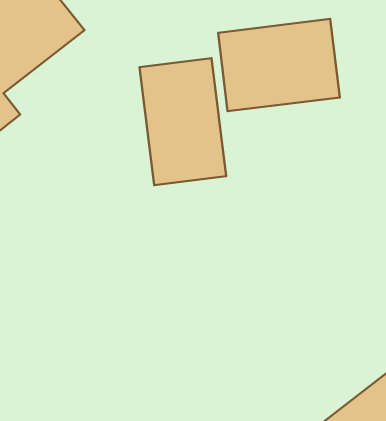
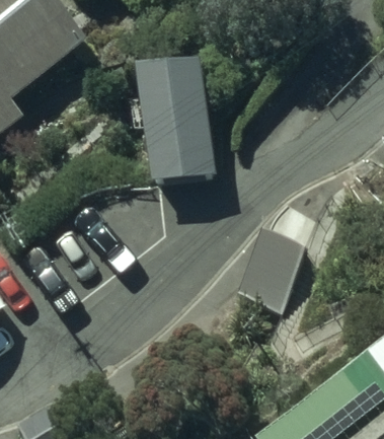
building: [218,19,340,111] -> none

